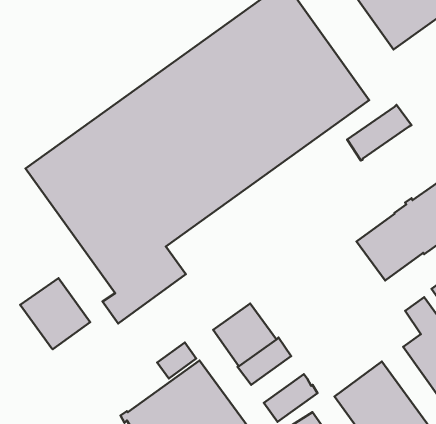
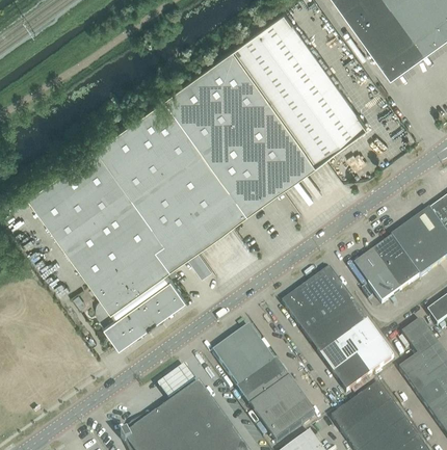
building: [347,105,412,161] -> none
building: none -> [283,270,395,393]
building: [20,278,90,349] -> none
building: none -> [251,379,303,425]

